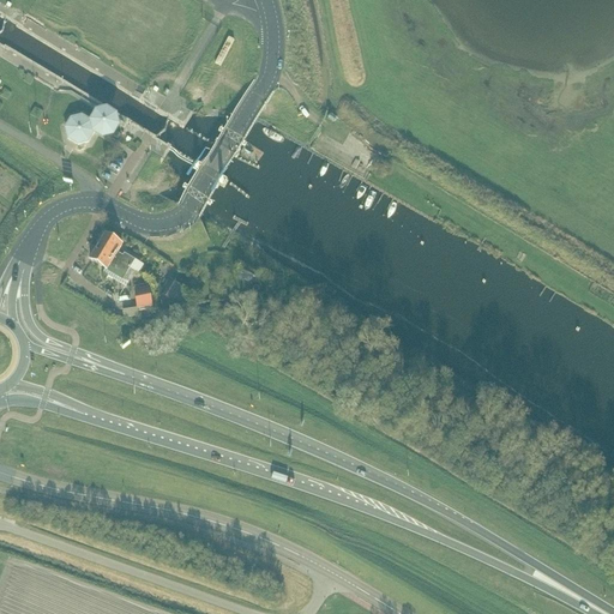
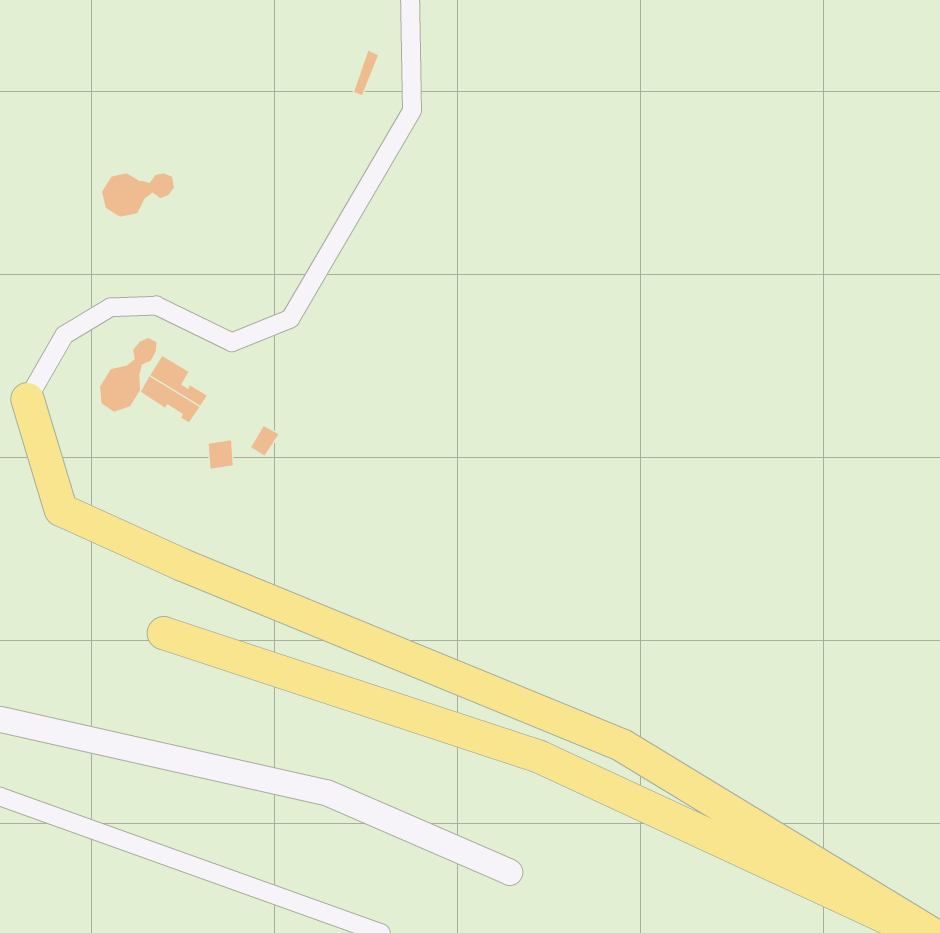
building: none -> [100,337,157,412]

